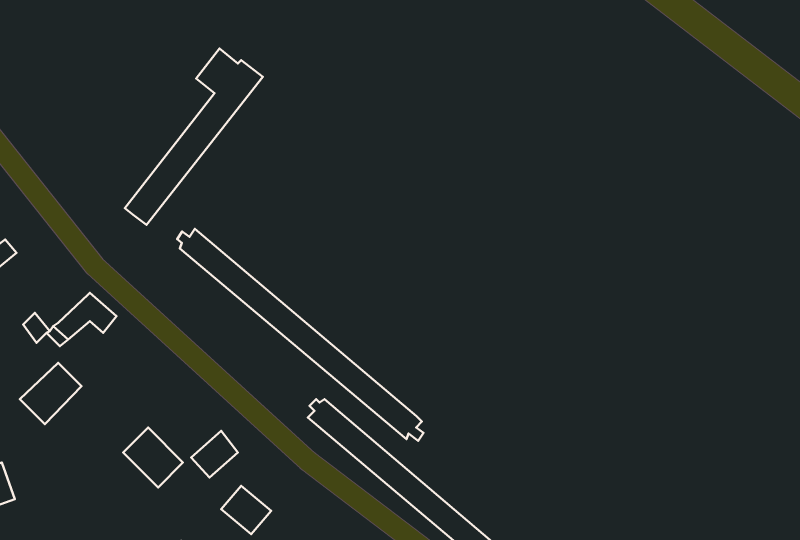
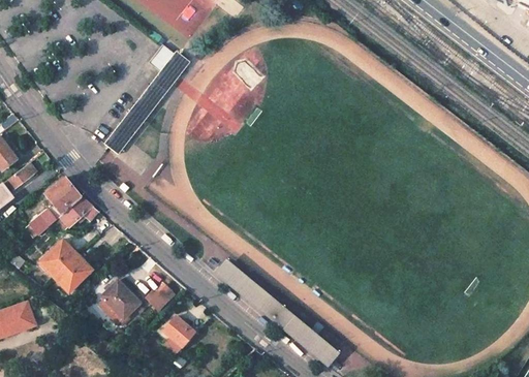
building: [177,229,423,441] -> none
building: none -> [45,178,81,215]
building: none -> [54,254,92,292]

